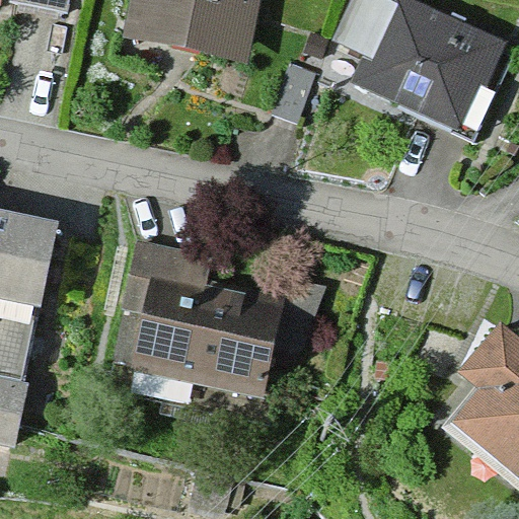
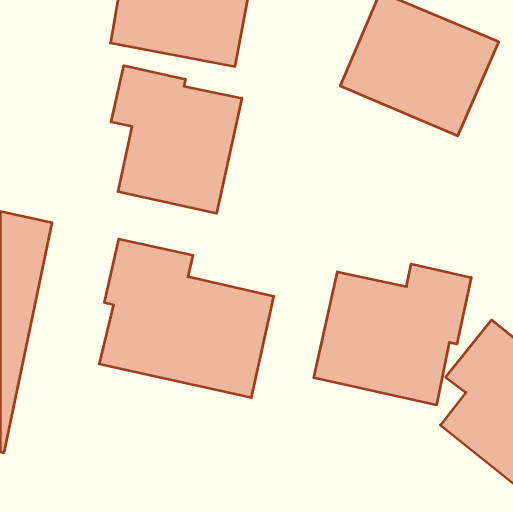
building: none -> [111,66,242,213]
building: none -> [314,264,471,405]

